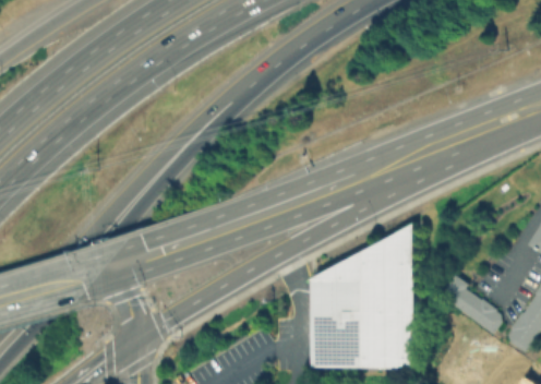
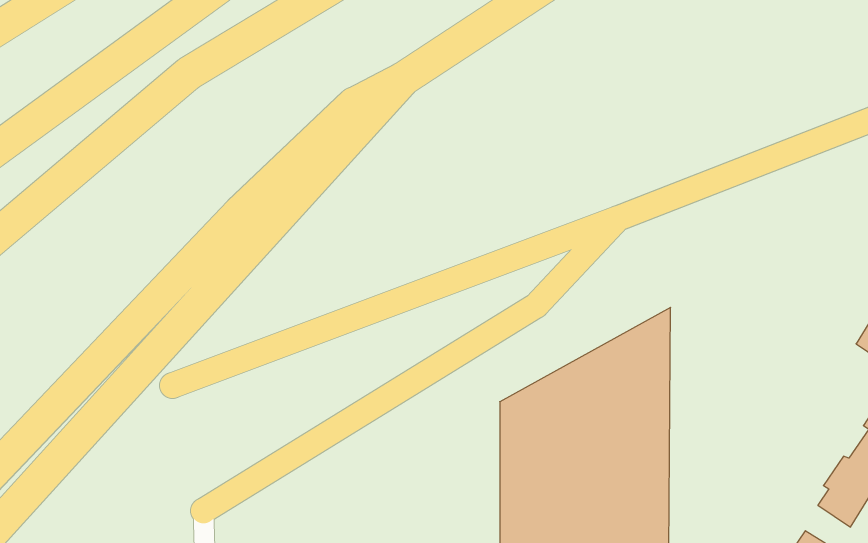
building: [438,275,503,336] -> none

